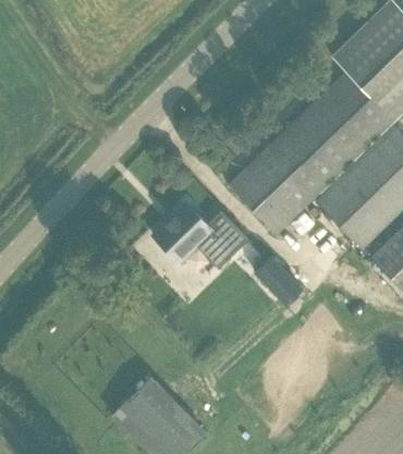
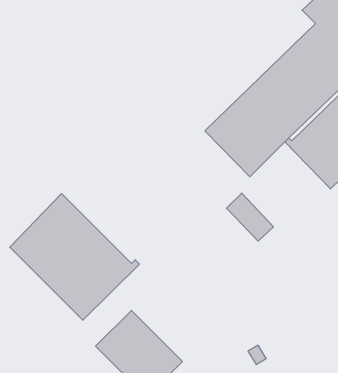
building: [152,204,248,268] -> none
building: none -> [10,194,139,320]

